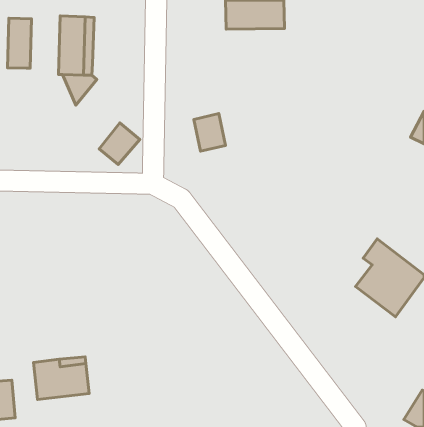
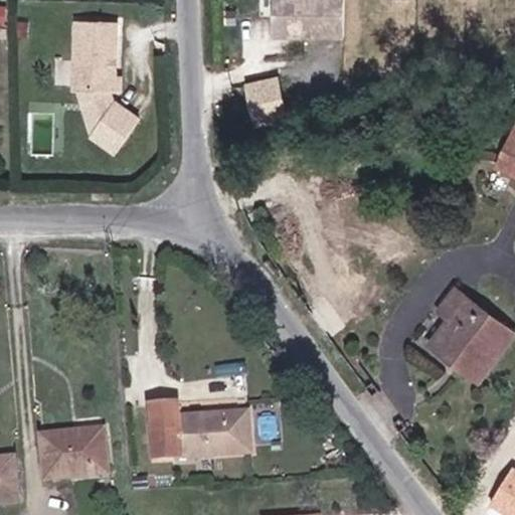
building: [7,18,32,68] -> none
building: [194,114,226,151] -> [245,78,284,124]
building: [99,123,140,165] -> [92,96,141,146]
building: none -> [149,404,250,458]

